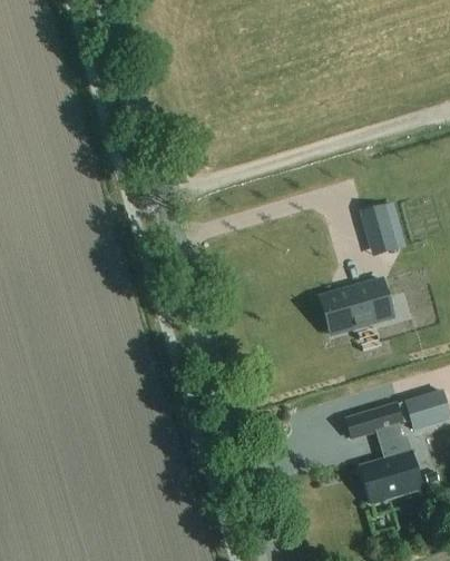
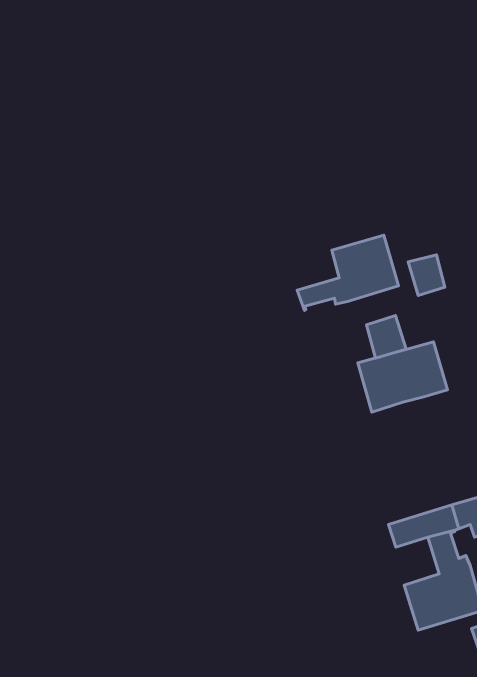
building: none -> [297,235,398,310]
building: none -> [366,315,406,358]

